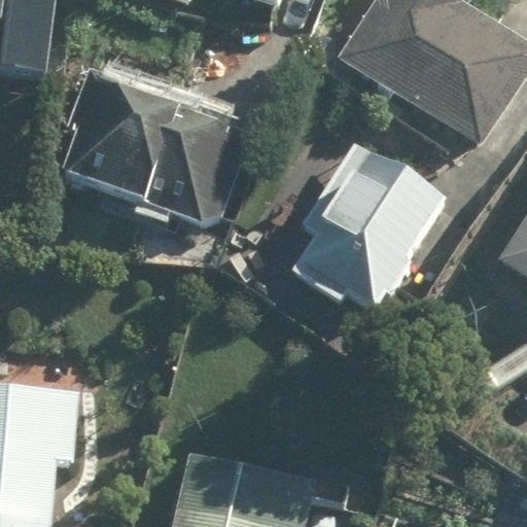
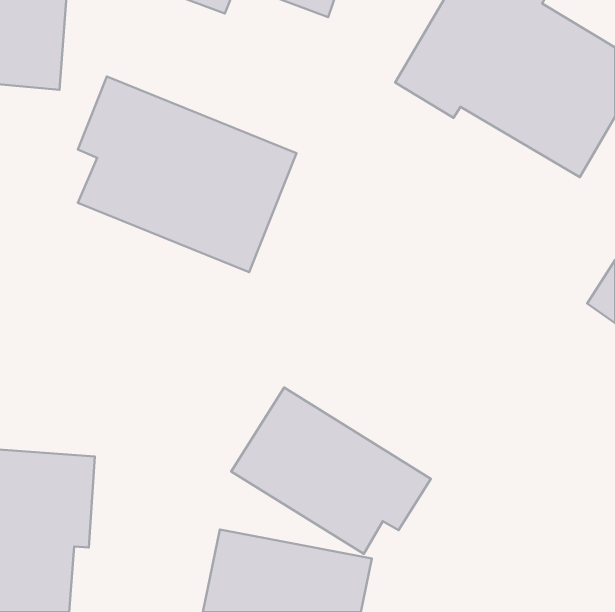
building: [295,139,454,319] -> none
building: none -> [231,388,431,554]

